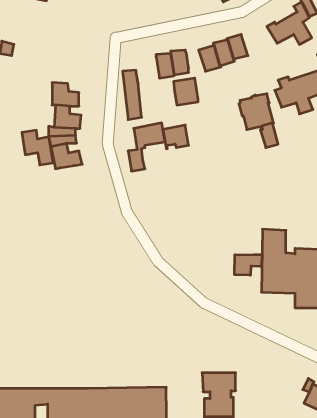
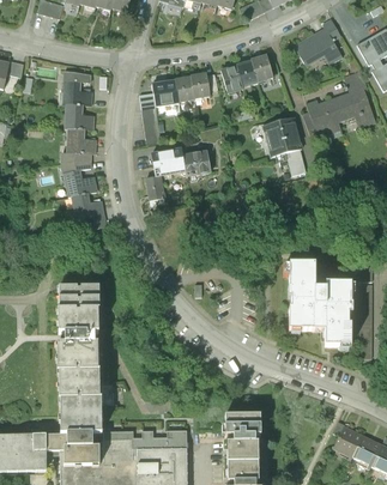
building: none -> [58,71,91,107]
building: [174,78,198,105] -> [152,78,179,107]
building: [22,130,53,165] -> [72,194,105,231]
building: none -> [56,286,113,432]
building: [235,254,262,275] -> none

